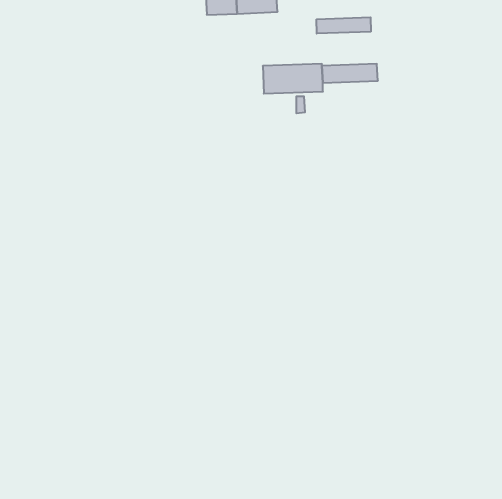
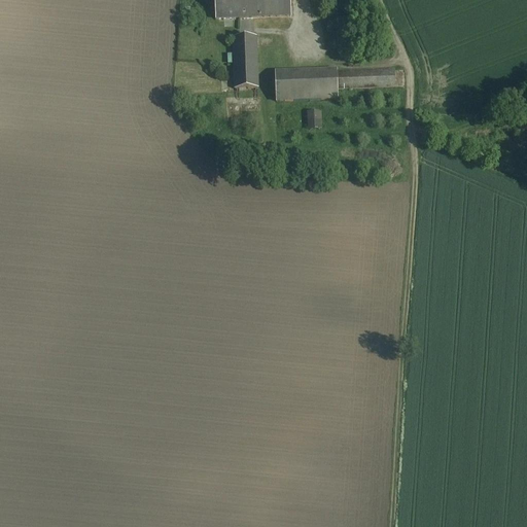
building: [317,17,371,34] -> none
building: none -> [234,33,258,85]

